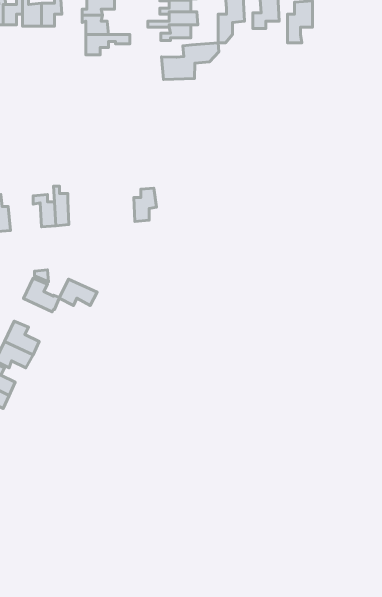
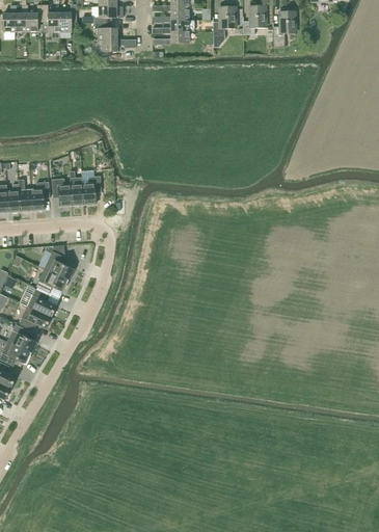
building: [162,43,219,80] -> none
building: [134,188,156,221] -> [81,176,101,205]
building: none -> [29,182,49,210]
building: [59,279,97,305] -> [34,269,67,292]

